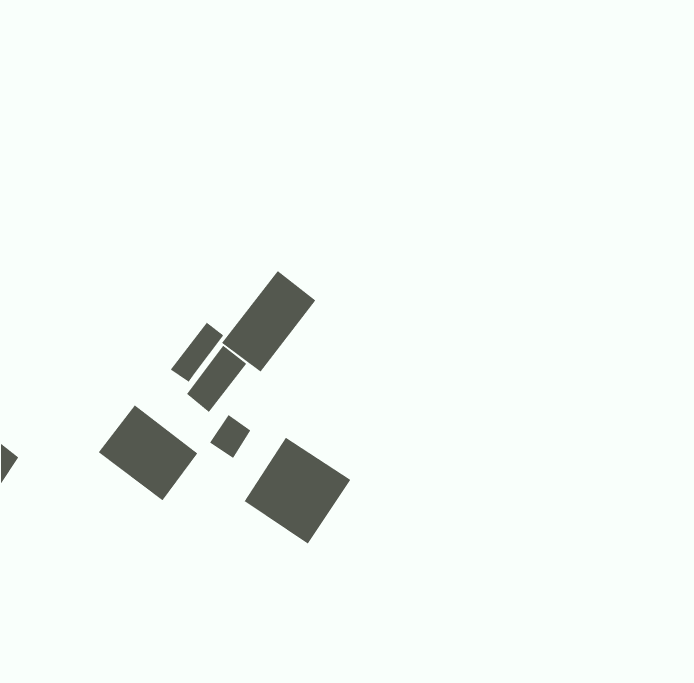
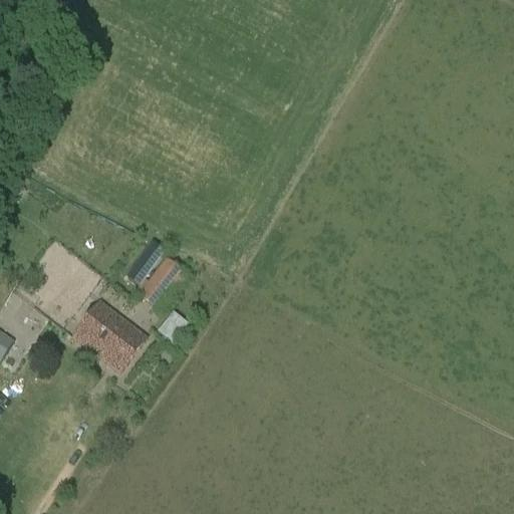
building: [221,270,316,373] -> none
building: [244,437,351,545] -> none

